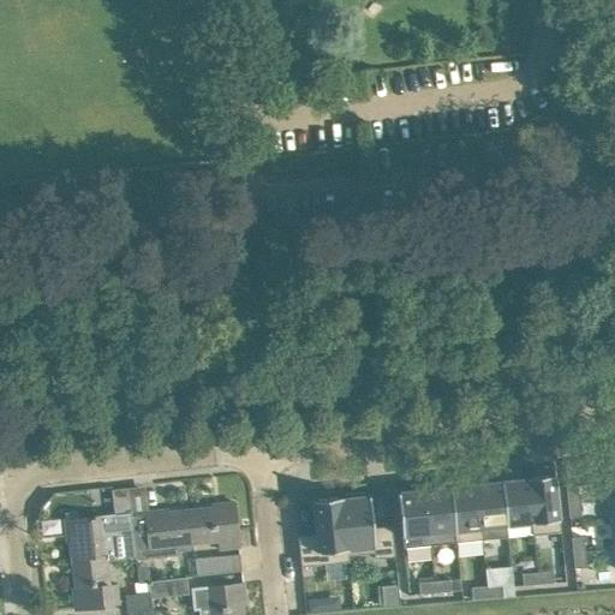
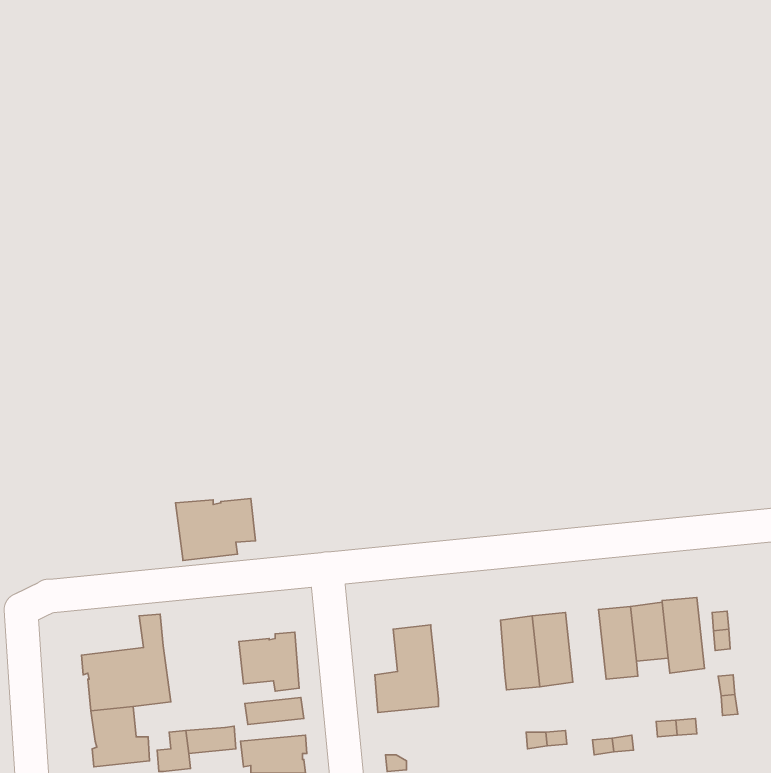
building: [450,484,483,542] -> none
building: [344,492,395,559] -> none
building: [131,509,195,559] -> [175,498,255,560]

